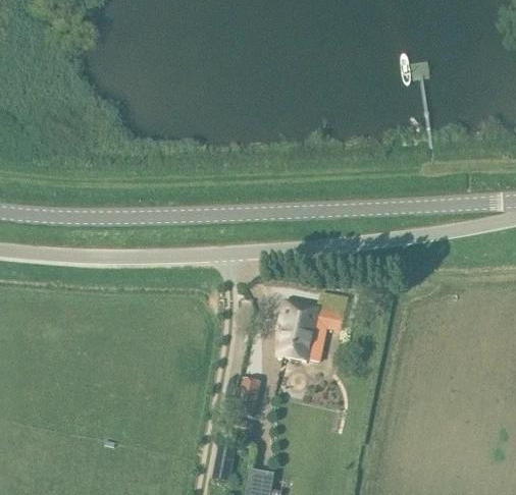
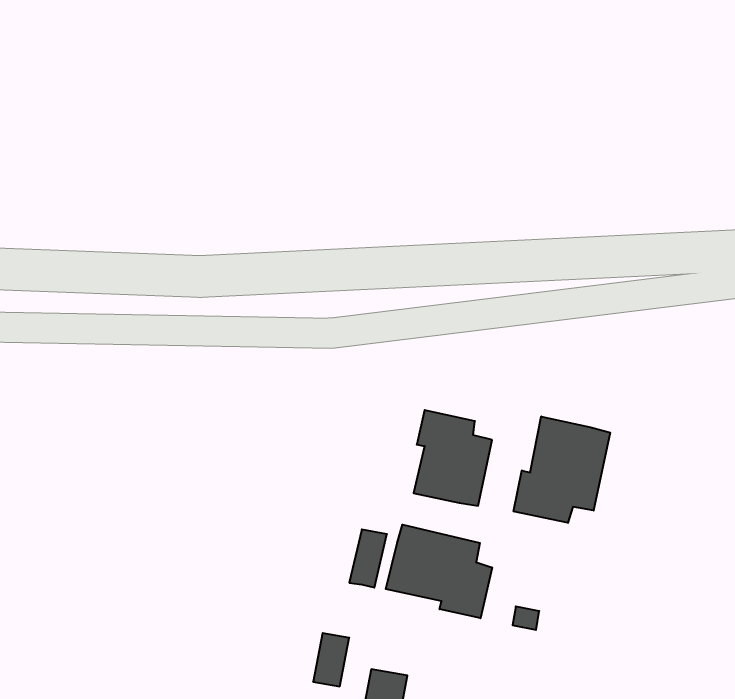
building: none -> [514,416,610,523]
building: none -> [386,525,492,618]

